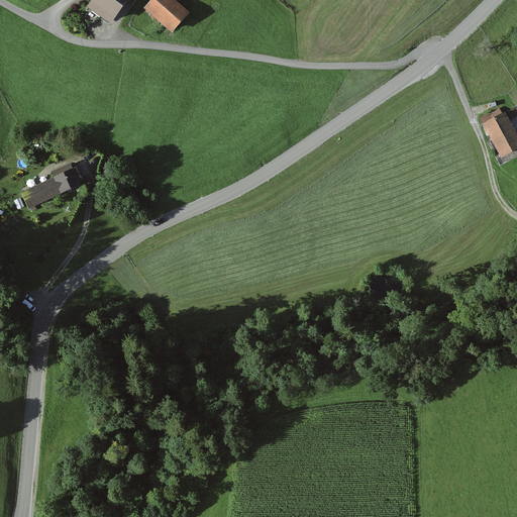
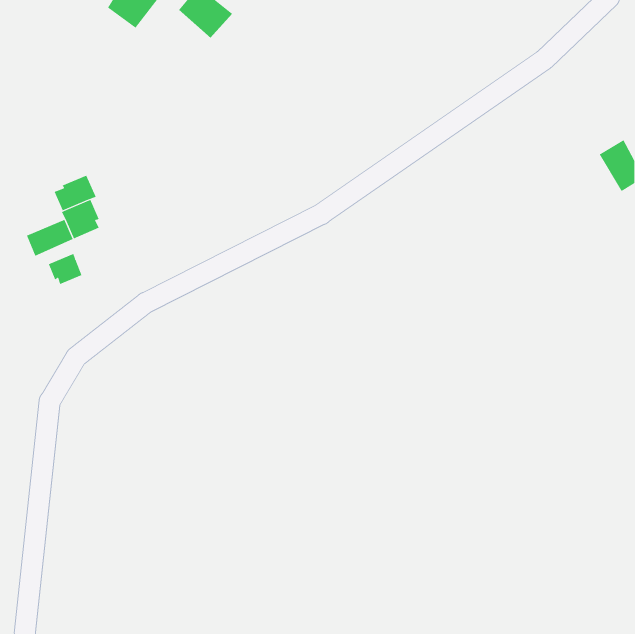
building: none -> [54,175,97,211]
building: none -> [48,253,82,285]

